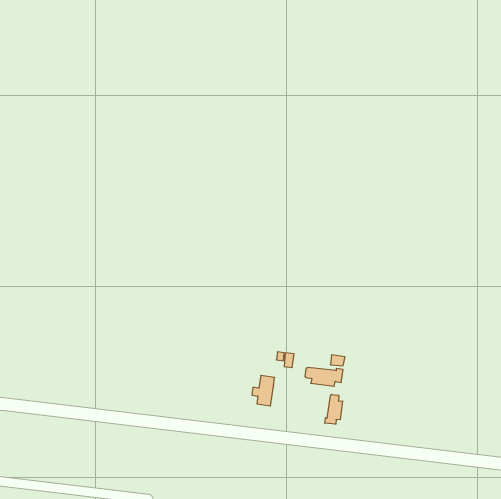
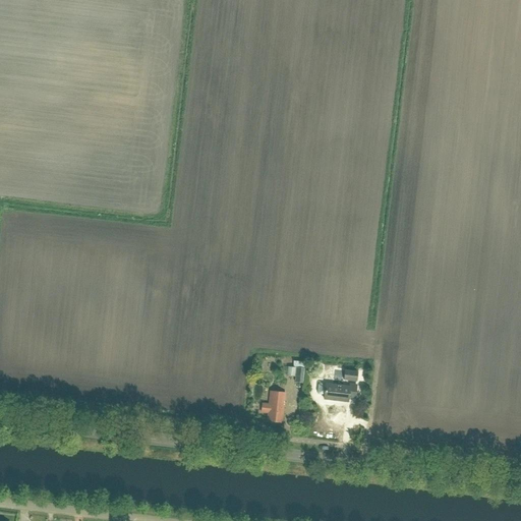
building: [325,394,343,424] -> none

